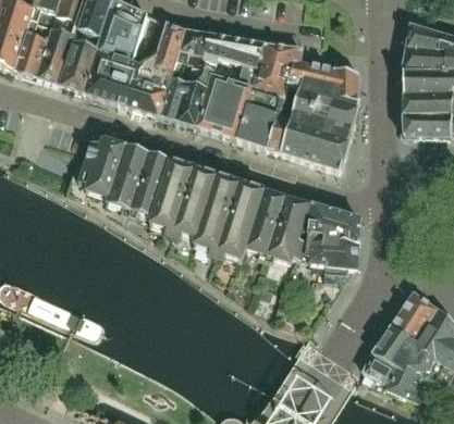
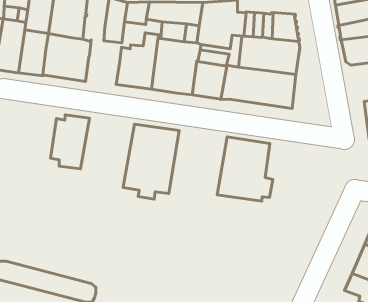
building: [128,52,173,114] -> none
building: [106,145,172,216] -> none
building: [194,173,267,260] -> none
building: [308,203,361,279] -> none

